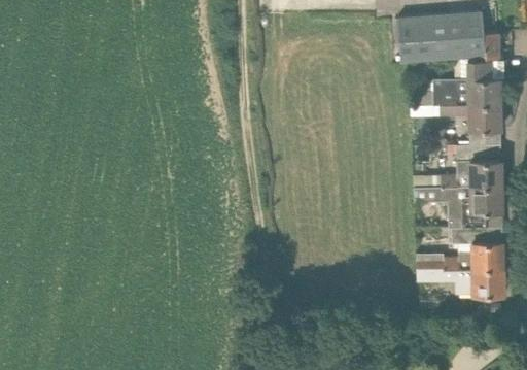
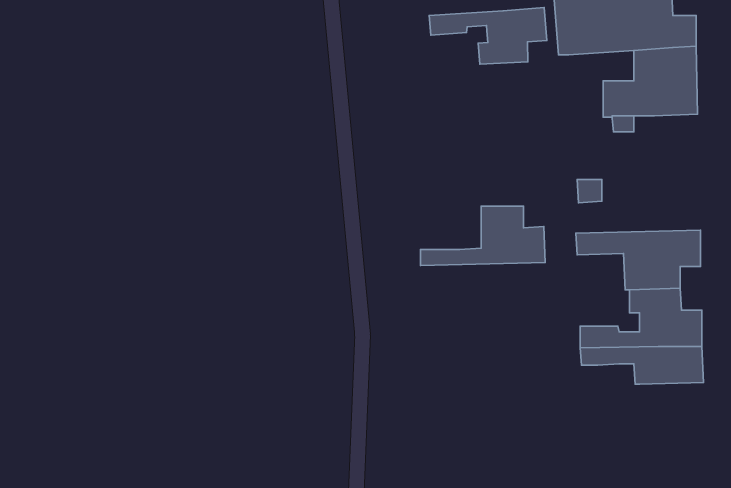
building: none -> [429,8,547,64]
building: [469,103,501,130] -> none
building: [414,145,502,188] -> [420,206,545,266]

